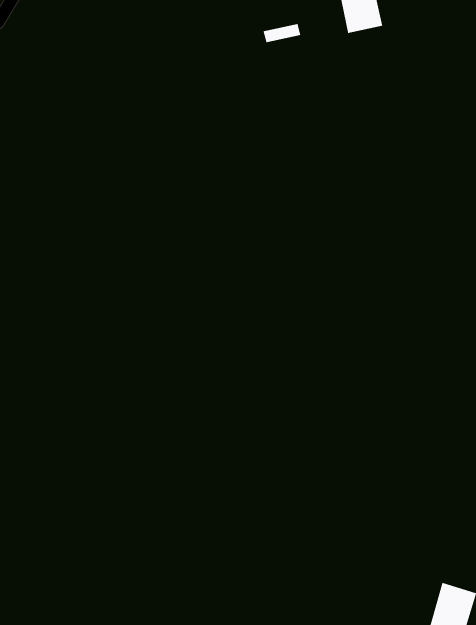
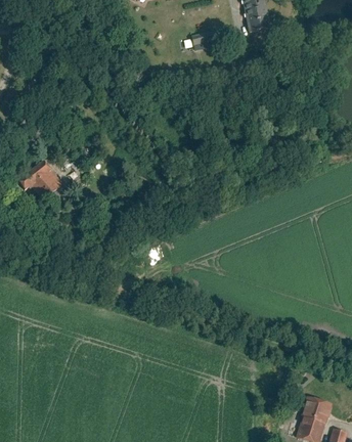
building: none -> [20,163,60,195]

